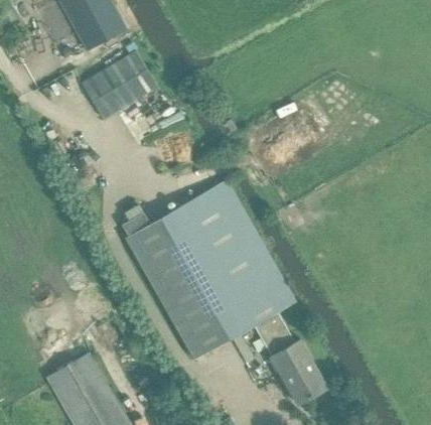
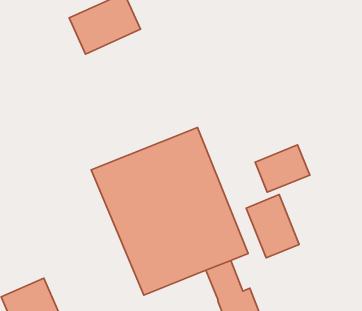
building: none -> [255,145,310,192]
building: none -> [246,195,299,258]

